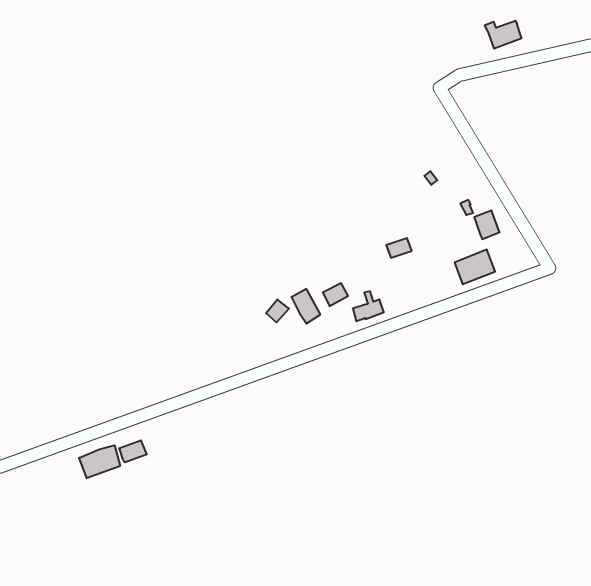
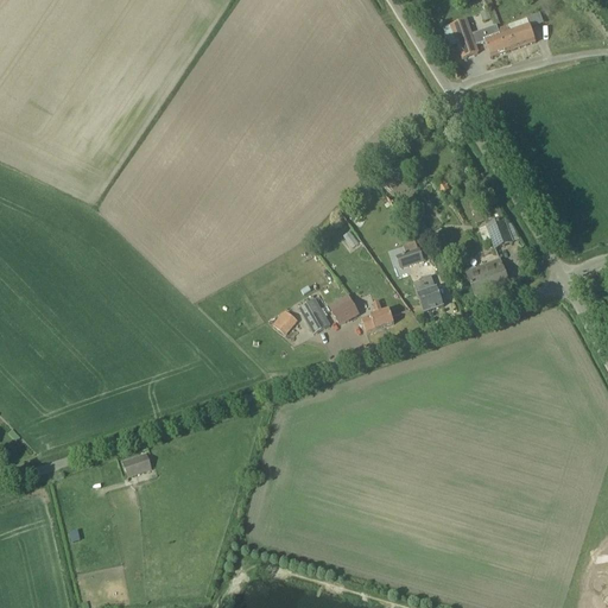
building: none -> [451,17,507,56]
building: none -> [413,273,444,310]
building: [79,445,120,478] -> none

